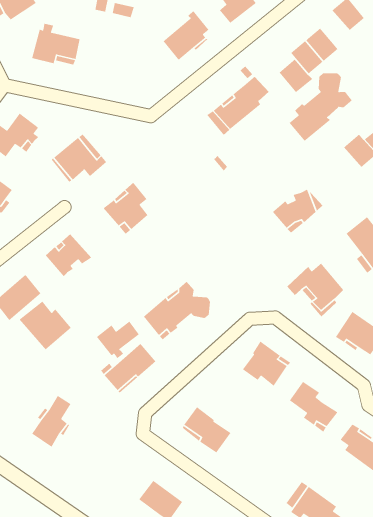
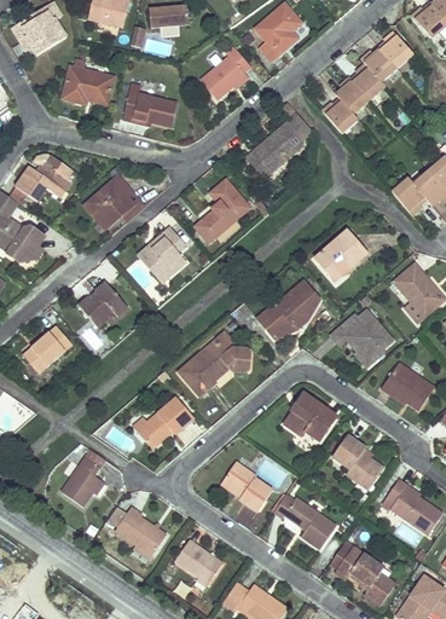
building: none -> [363,46,398,81]
building: none -> [123,83,176,125]
building: [289,72,353,142] -> none
building: none -> [195,178,251,242]
building: none -> [257,282,320,339]
building: [18,301,72,350] -> none
building: [96,321,140,359] -> none
building: none -> [274,493,336,549]
building: none -> [116,507,168,555]

